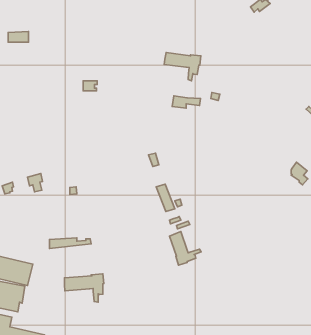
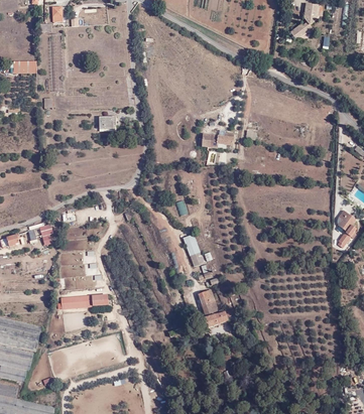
building: [164,52,201,81] -> none
building: [64,274,104,302] -> none

